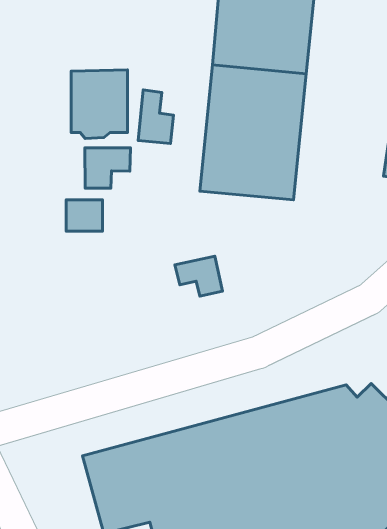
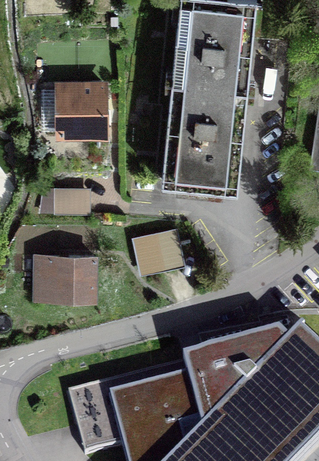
building: [138,90,173,143] -> none
building: [85,148,131,188] -> none
building: none -> [36,253,94,297]

